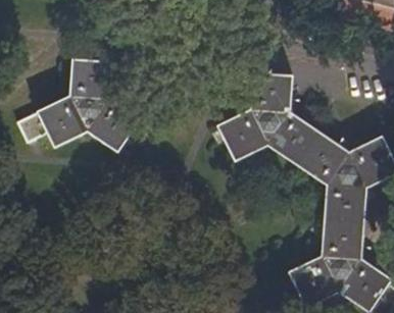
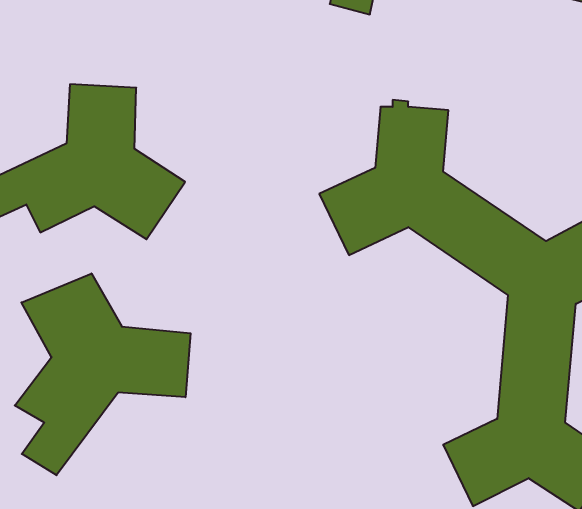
building: none -> [15,273,191,475]

